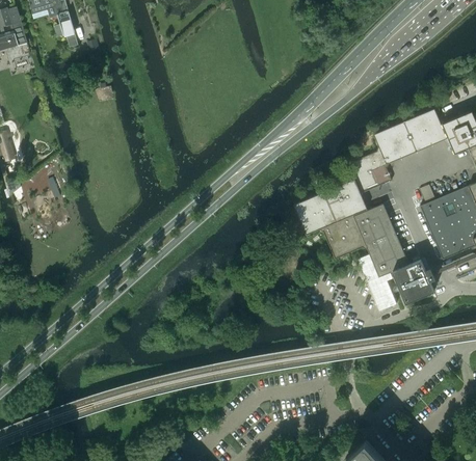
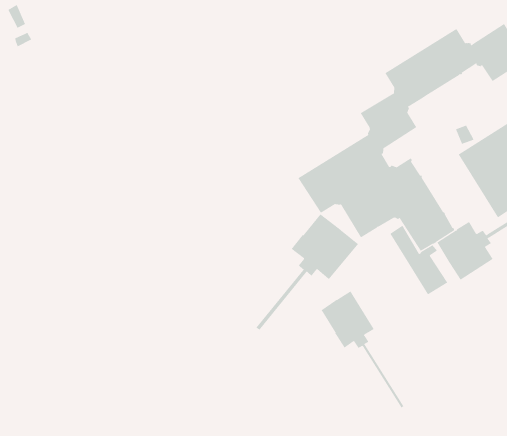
building: none -> [256,214,359,331]
building: none -> [321,290,404,409]

